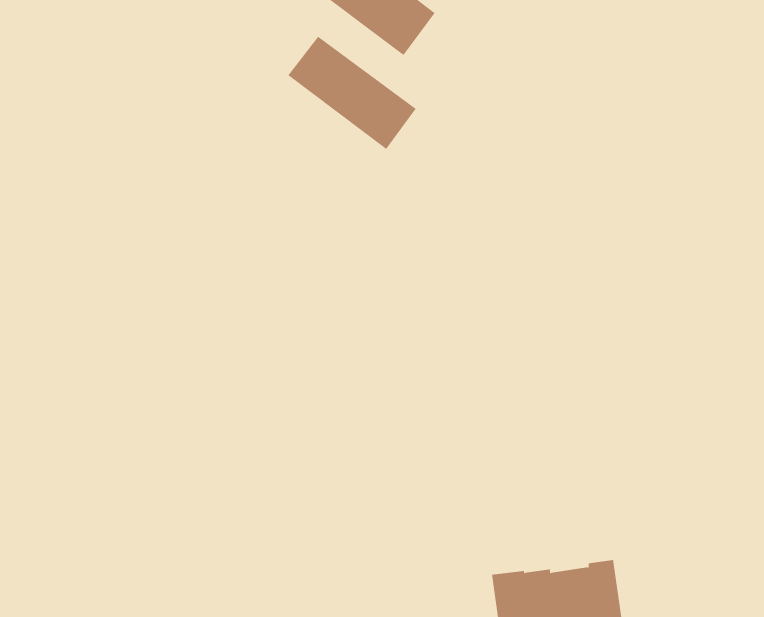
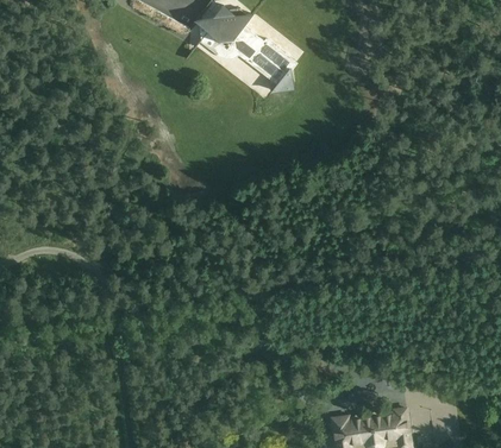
building: [288,36,416,150] -> none

